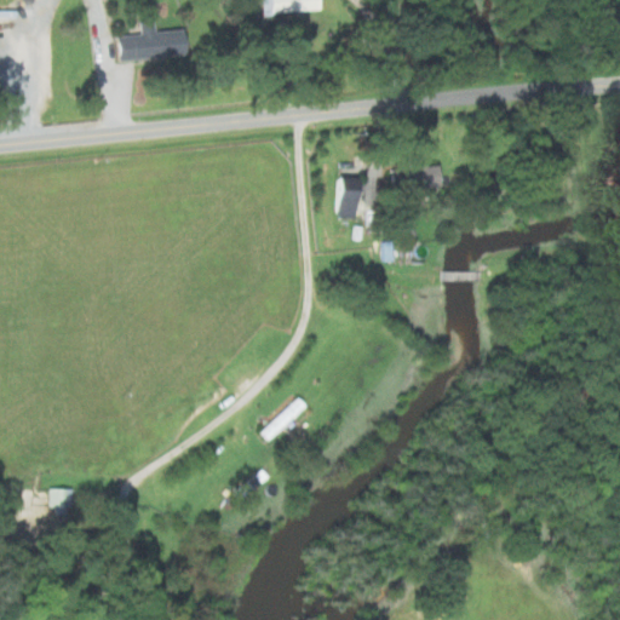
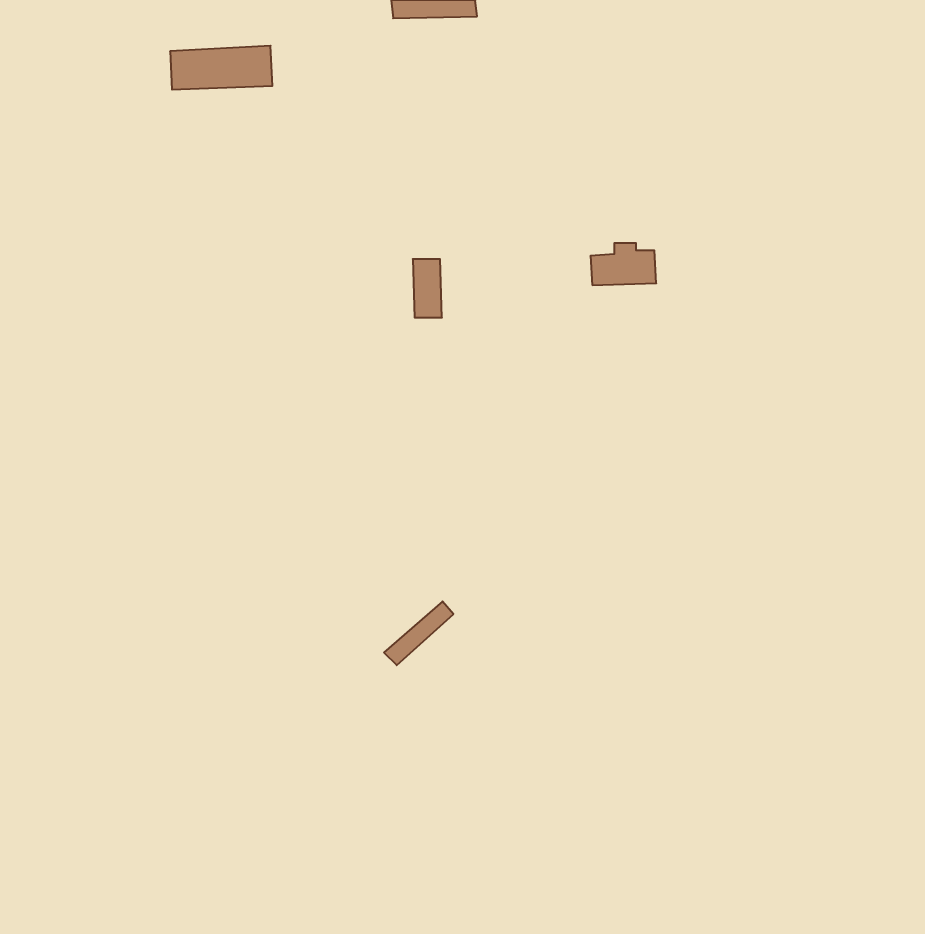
building: [338,177,357,216] -> [413,259,442,318]
building: [51,488,75,511] -> none

